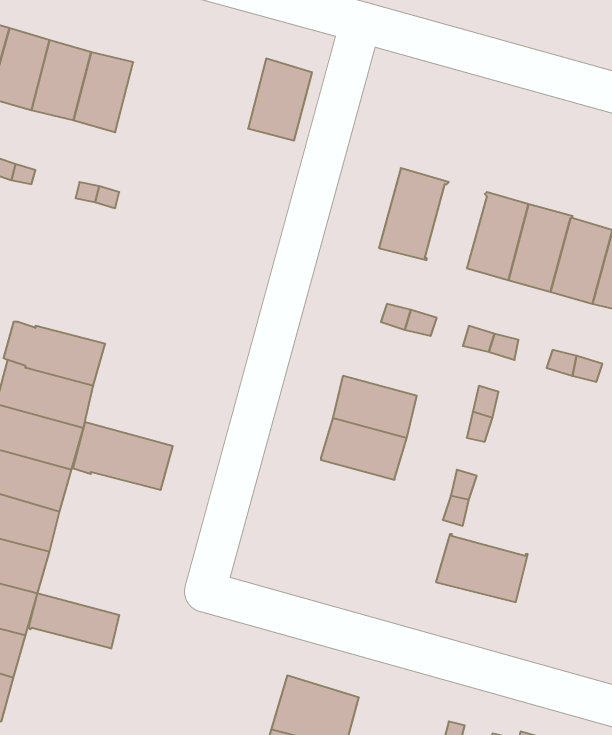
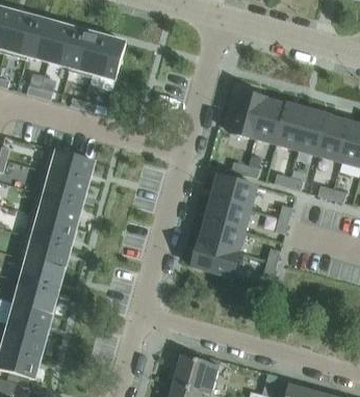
building: [248,59,312,141] -> [93,35,126,78]
building: none -> [254,99,286,142]
building: none -> [211,175,257,209]
building: [73,422,173,490] -> [42,147,94,182]
building: [436,534,528,602] -> [191,241,239,276]
building: [28,593,119,649] -> none

